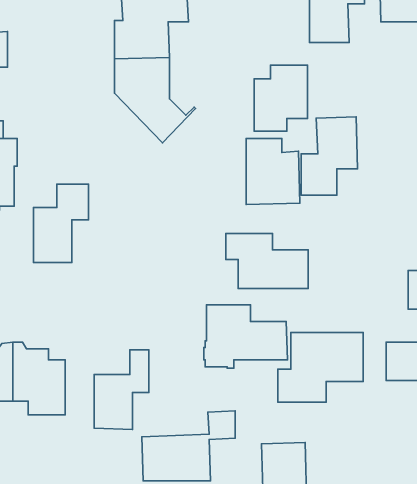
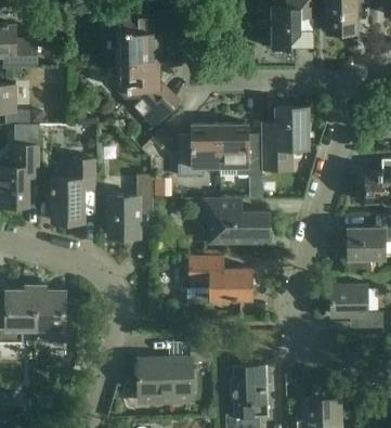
building: [254,65,308,131] -> [178,125,220,177]
building: [278,332,363,402] -> none
building: [94,350,149,429] -> [108,176,152,238]

